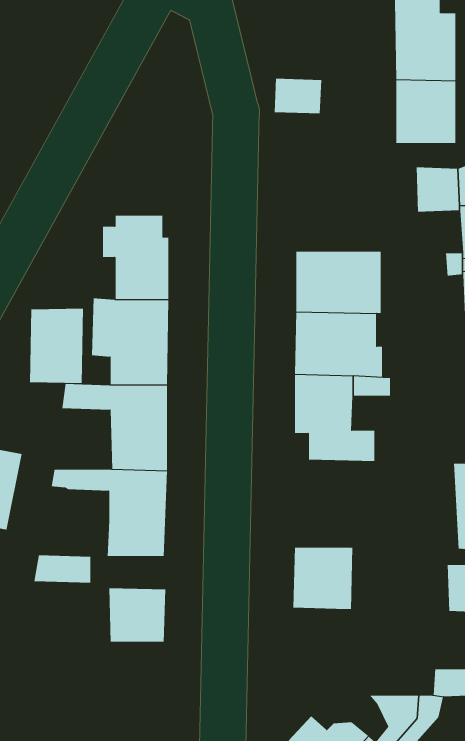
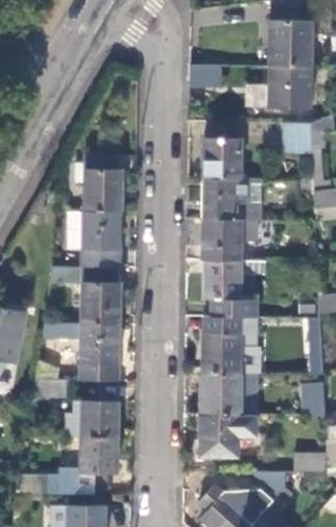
building: none -> [204,137,241,178]
building: [29,308,84,384] -> none
building: none -> [202,316,257,374]
building: none -> [202,414,238,455]
building: none -> [16,435,117,493]

